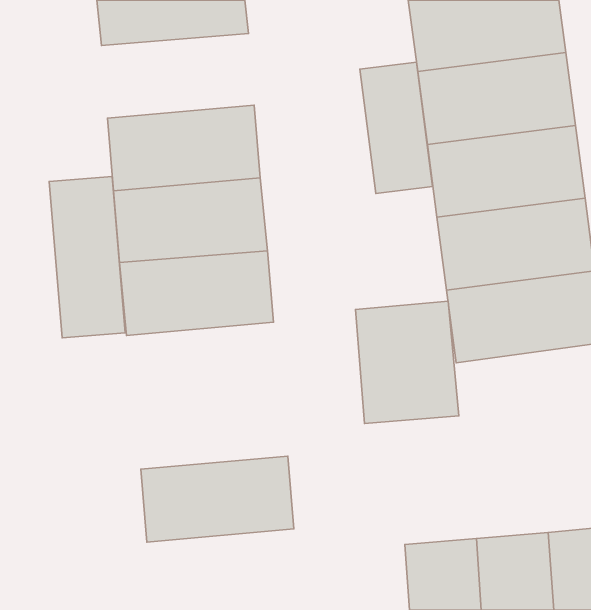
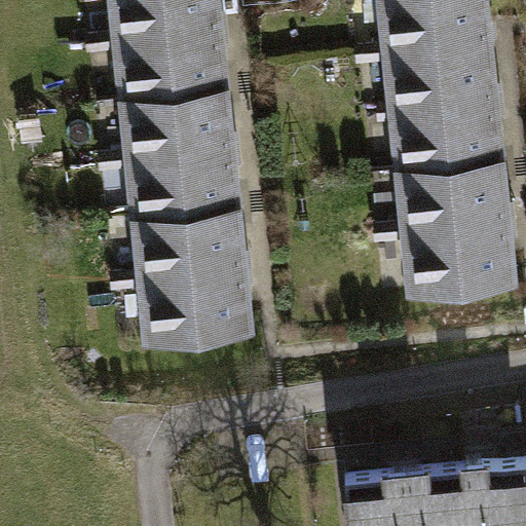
building: none -> [104,29,235,102]
building: [360,62,433,194] -> none
building: [49,176,125,338] -> none
building: [355,301,459,423] -> none
building: [141,456,294,542] -> [125,277,257,351]

